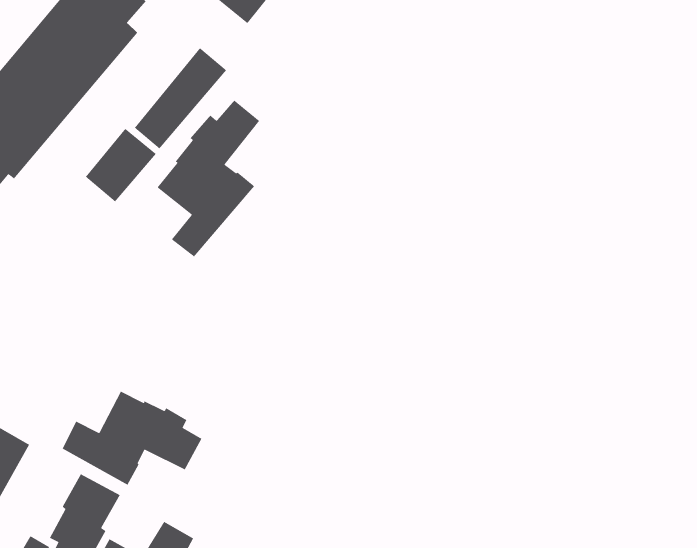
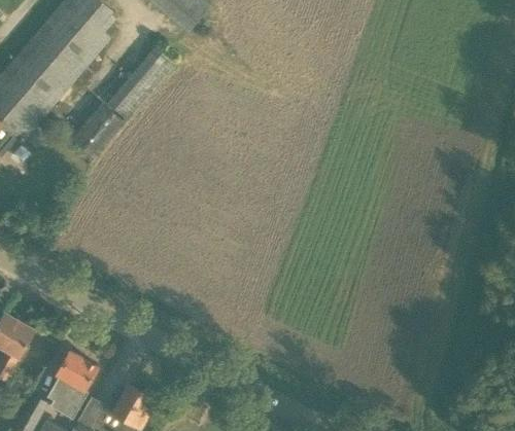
building: [156,99,260,258] -> none
building: [61,390,203,486] -> none

